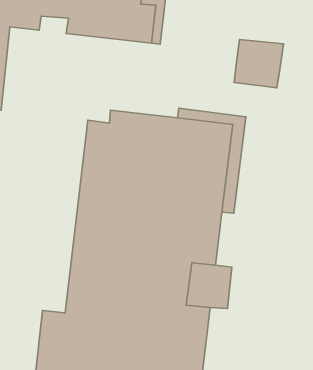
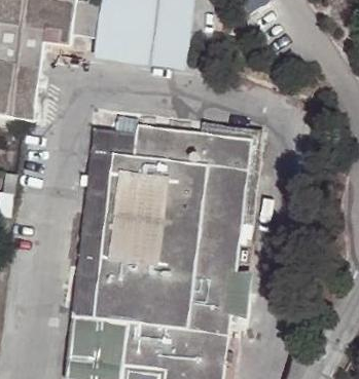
building: [234,39,283,88] -> none
building: none -> [71,129,114,314]

